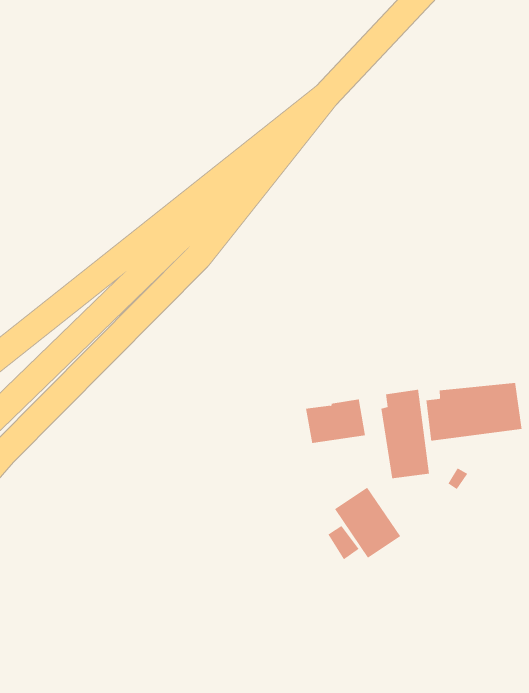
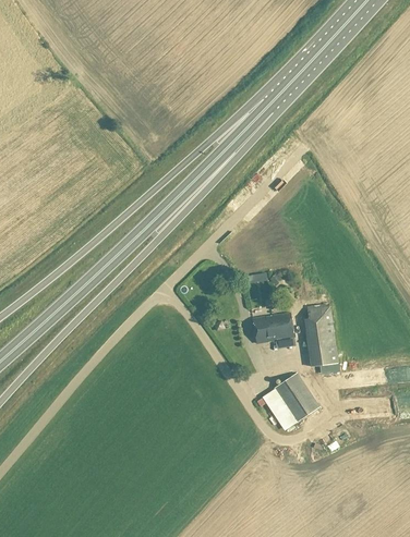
building: [426,382,522,442] -> none

